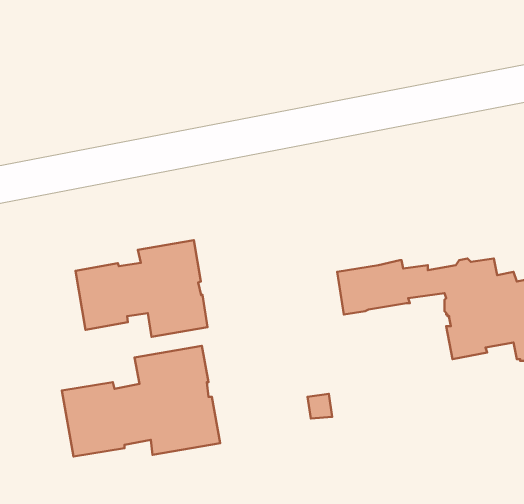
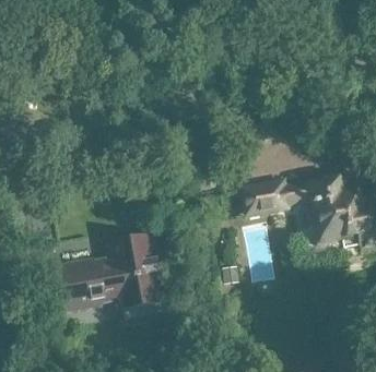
building: [76,240,208,337] -> none

